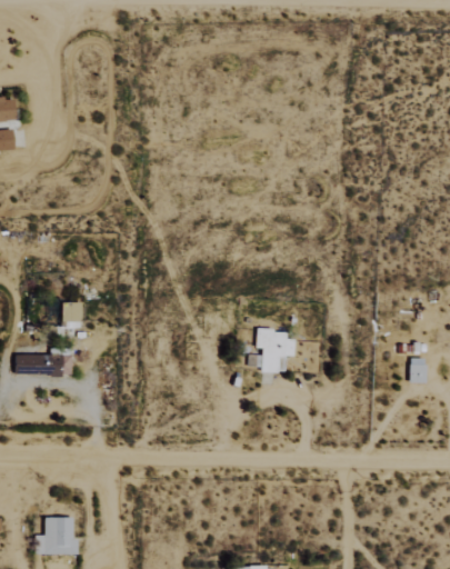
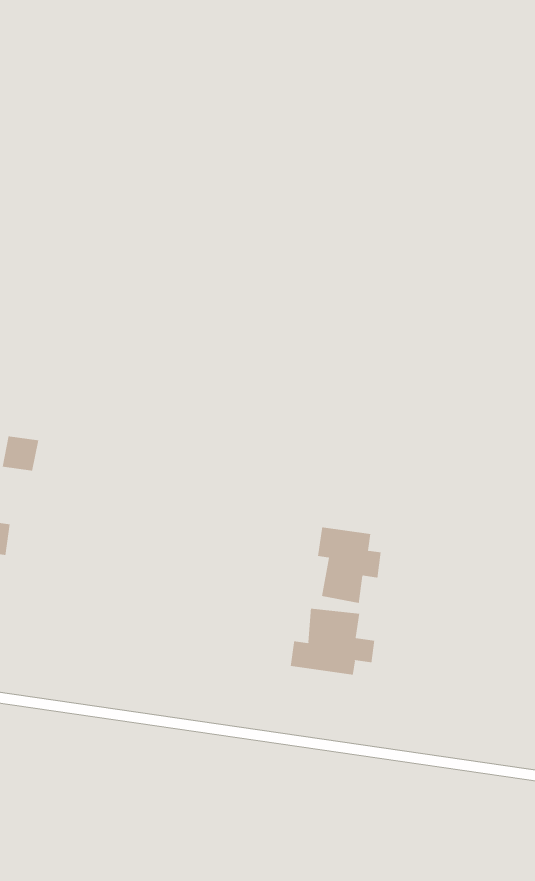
building: none -> [290,608,375,675]

